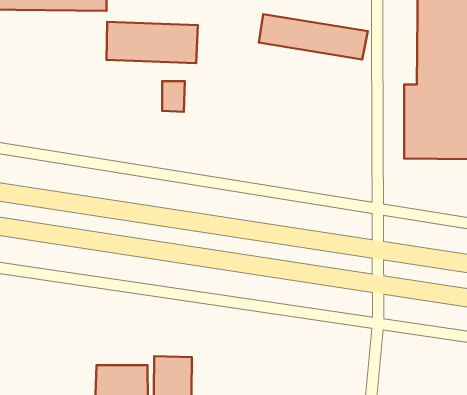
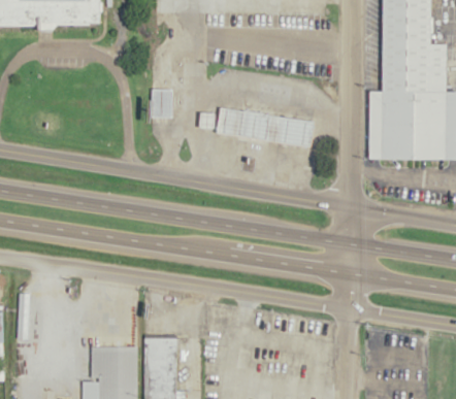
building: [259,14,368,60] -> [217,106,316,147]
building: [107,22,198,63] -> none

